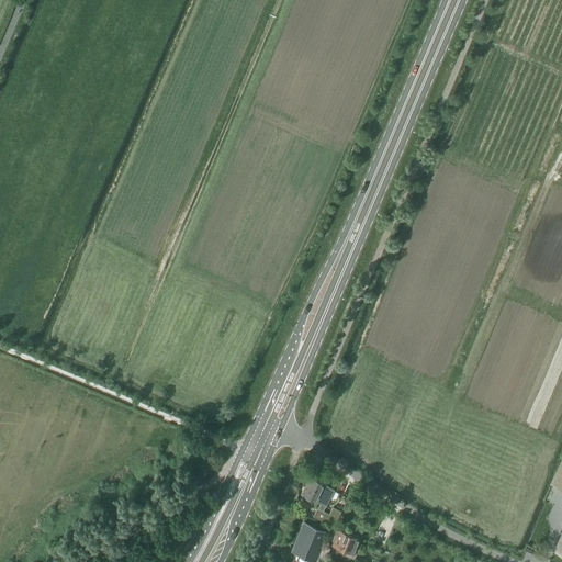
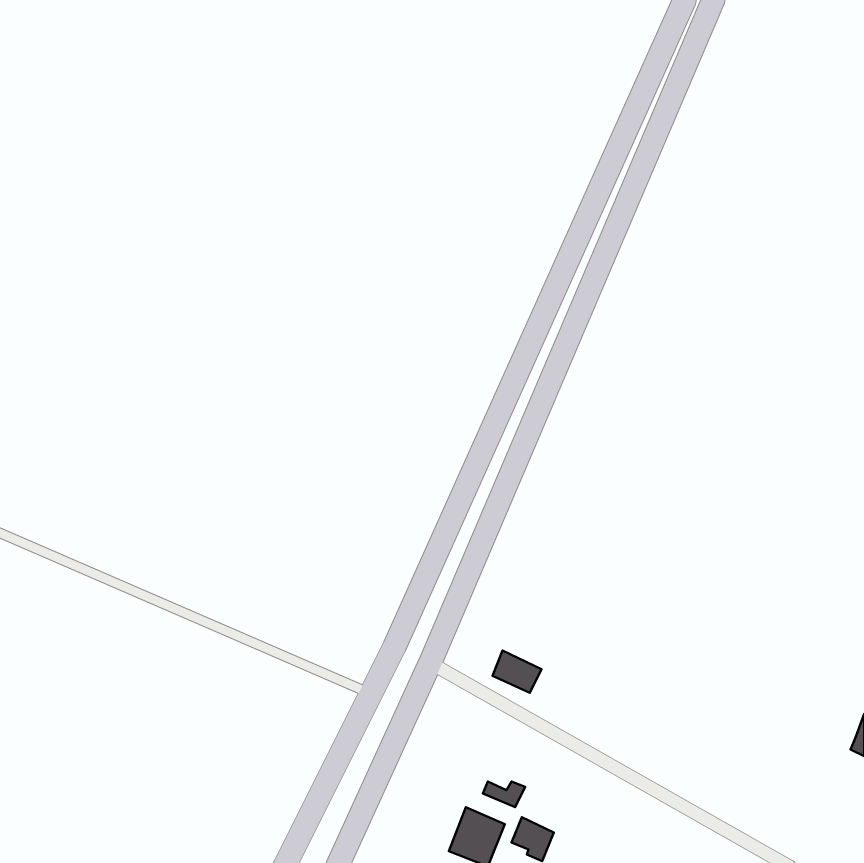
building: [302,481,334,508] -> [492,651,542,693]

